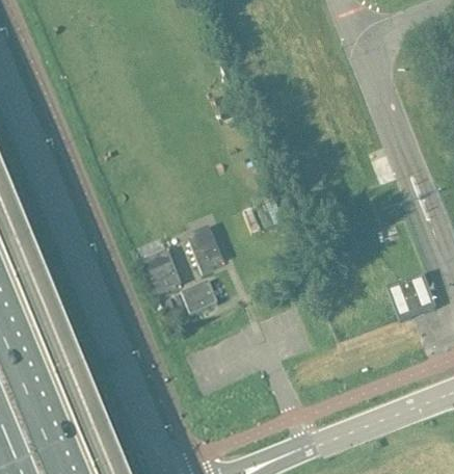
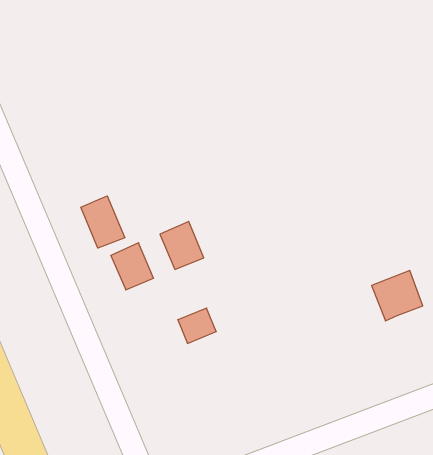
building: none -> [81,196,125,248]
building: [181,280,218,314] -> [178,308,216,343]

